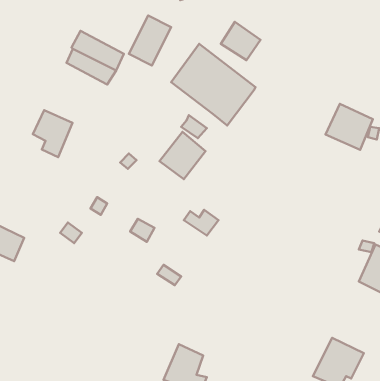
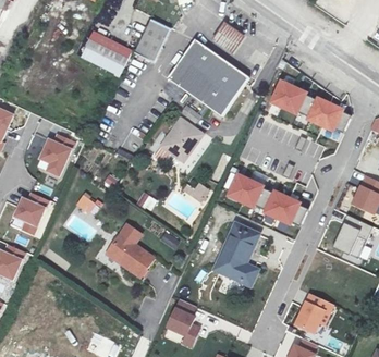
building: none -> [267,76,308,114]
building: [33,110,72,157] -> [38,137,72,177]
building: none -> [224,170,264,208]
building: none -> [260,186,301,224]
building: none -> [106,223,152,275]
building: none -> [215,223,260,288]

